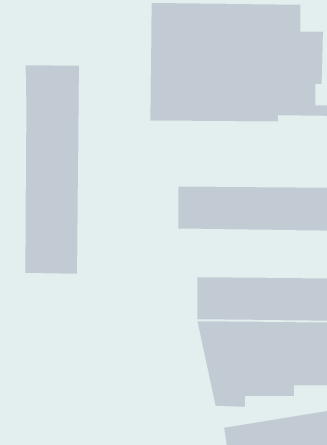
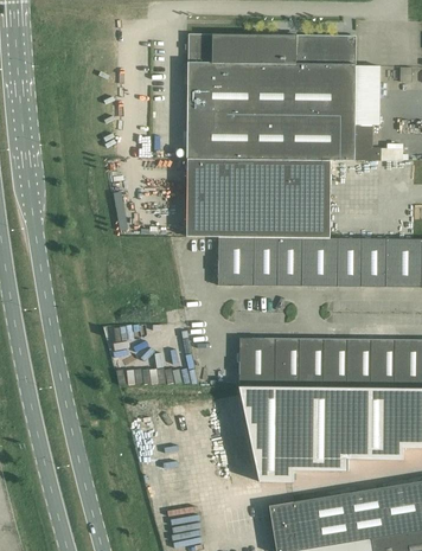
building: [25,64,79,274] -> none
building: none -> [185,165,330,237]

